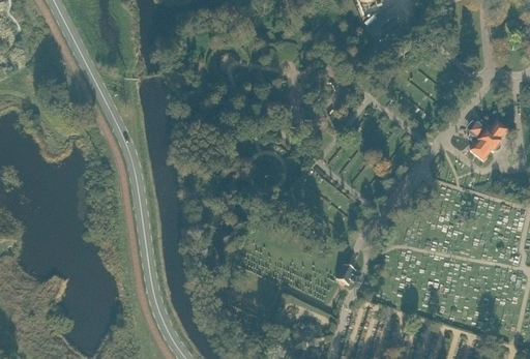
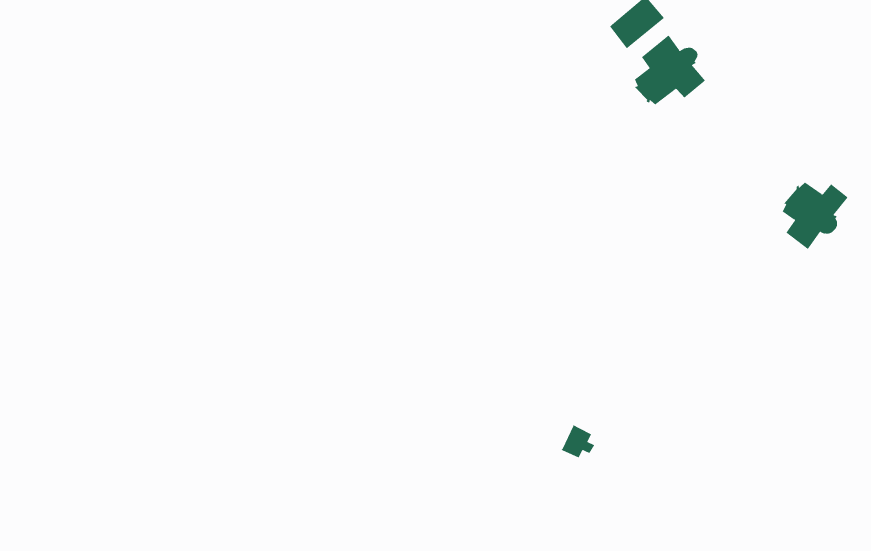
building: none -> [634,35,706,106]

